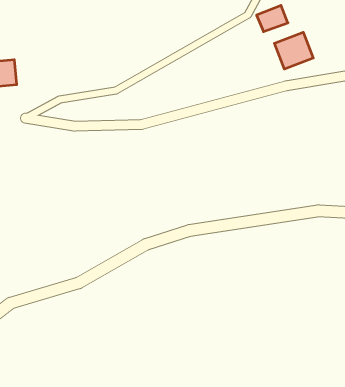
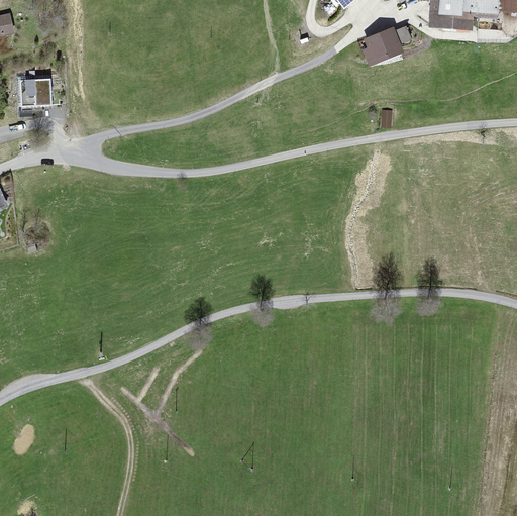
building: [274,32,313,69] -> none

